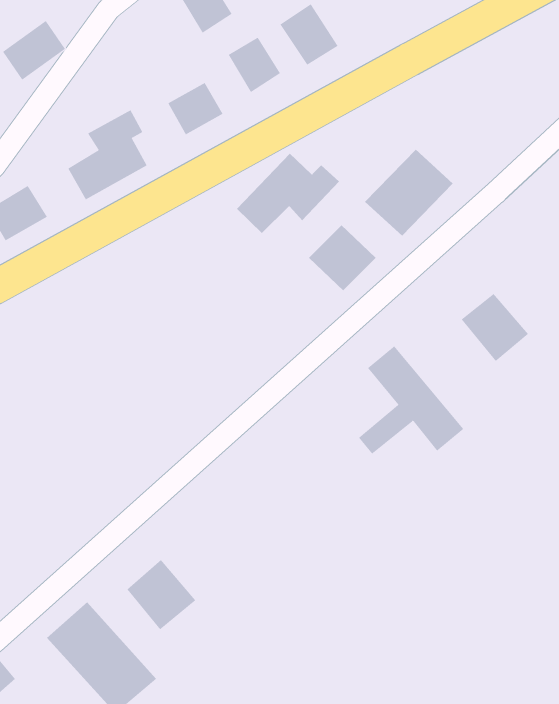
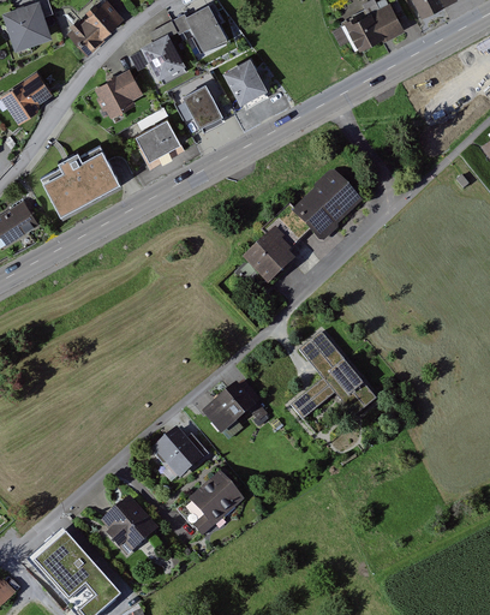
building: none -> [91,67,145,114]
building: [236,153,340,234] -> none
building: [461,293,529,362] -> none
building: none -> [202,383,255,434]
building: none -> [153,428,203,479]
building: none -> [173,471,243,538]

